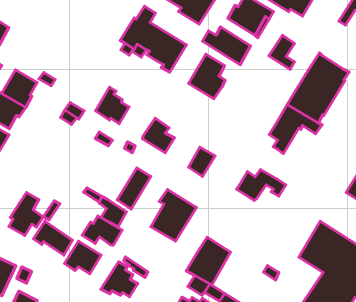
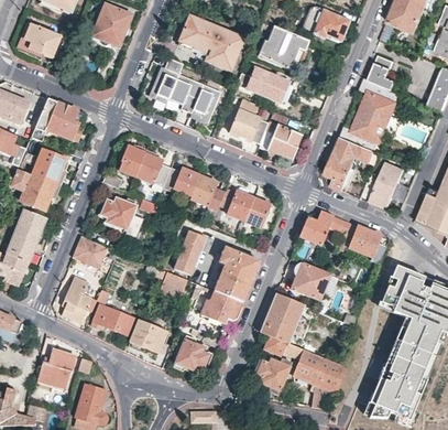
building: none -> [31,98,88,141]
building: [269,35,295,70] -> [368,54,396,89]
building: none -> [119,146,146,176]
building: none -> [259,123,301,155]
building: none -> [163,166,200,195]
building: none -> [100,197,144,237]
building: none -> [370,161,404,208]
building: none -> [227,190,253,221]
building: none -> [73,236,108,267]
building: none -> [342,223,381,256]
building: none -> [291,262,331,300]
building: [82,216,122,245] -> [201,291,243,321]

